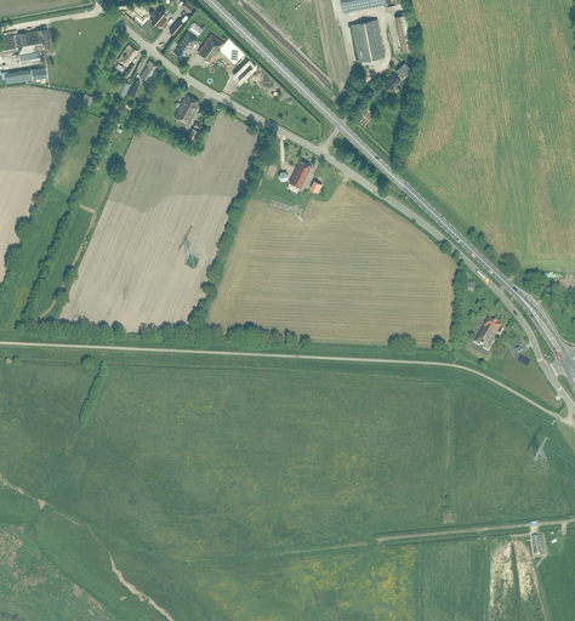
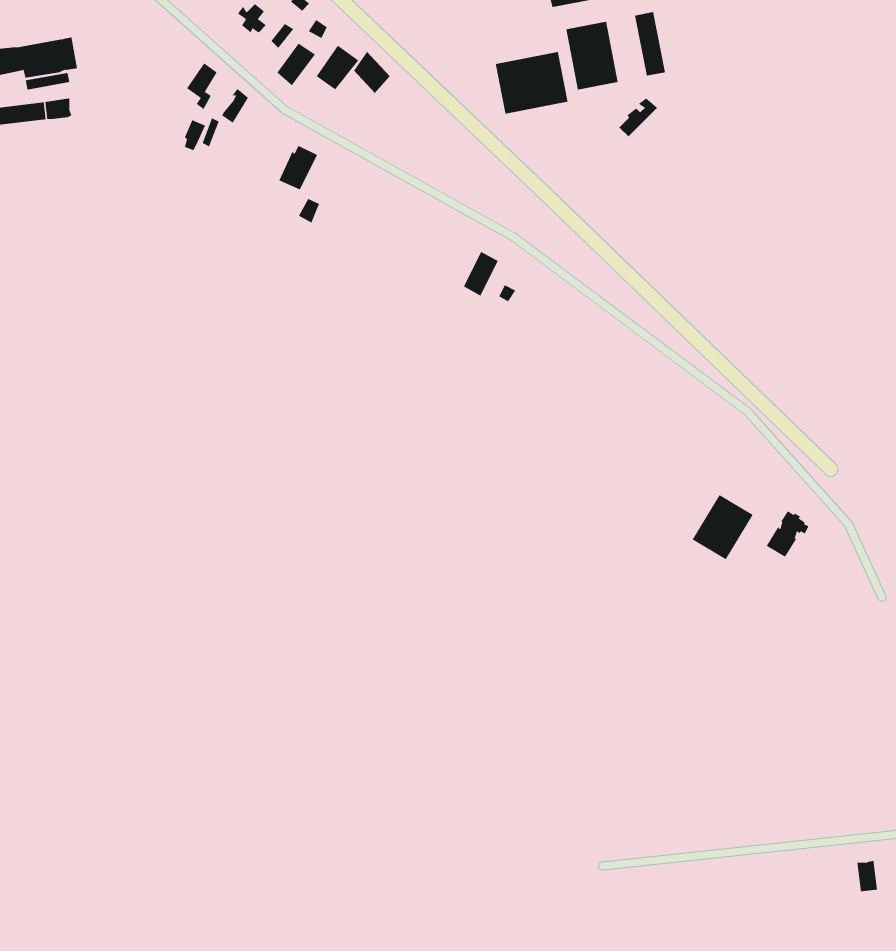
building: none -> [495,51,568,114]
building: none -> [692,494,753,560]

